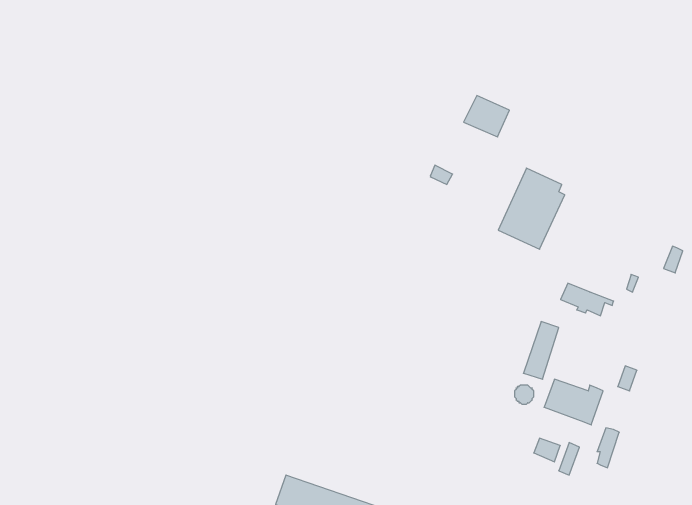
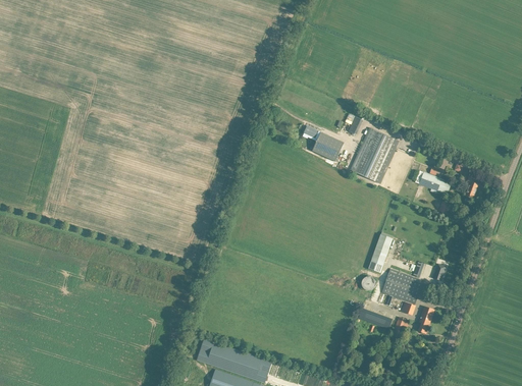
building: [464,96,509,137] -> [311,132,343,161]
building: [561,283,614,316] -> [418,172,455,195]

